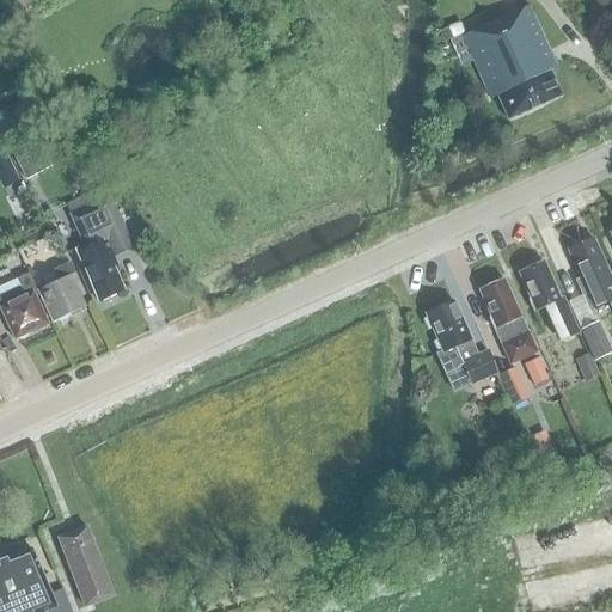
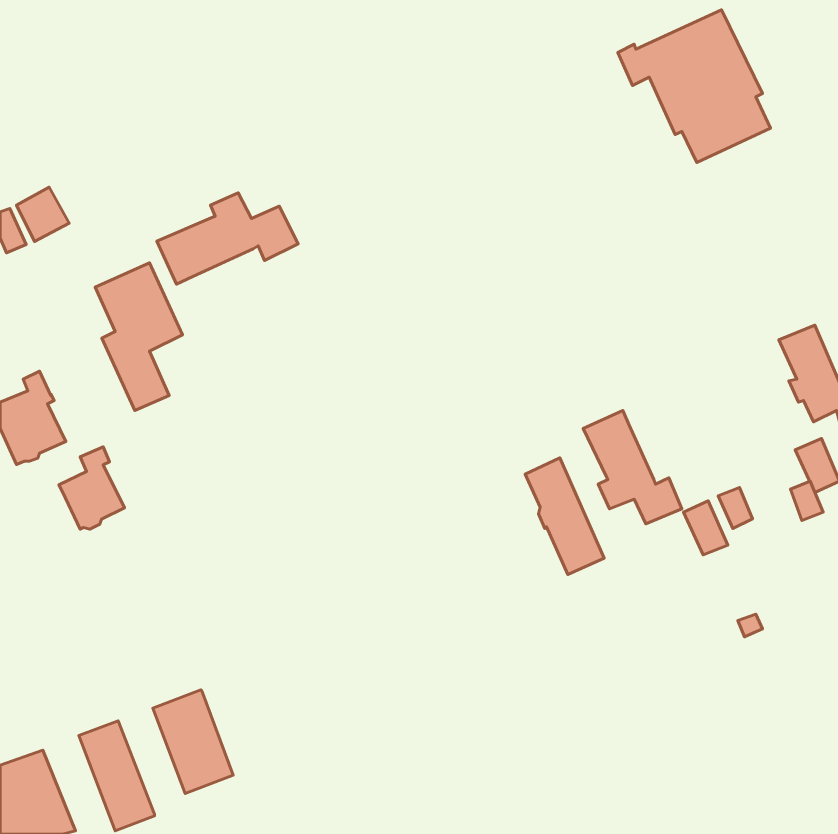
building: none -> [157,193,298,284]
building: [519,258,577,338] -> none
building: [38,259,86,319] -> [59,447,124,529]
building: [479,276,537,361] -> [525,458,604,574]
building: none -> [153,690,233,794]

